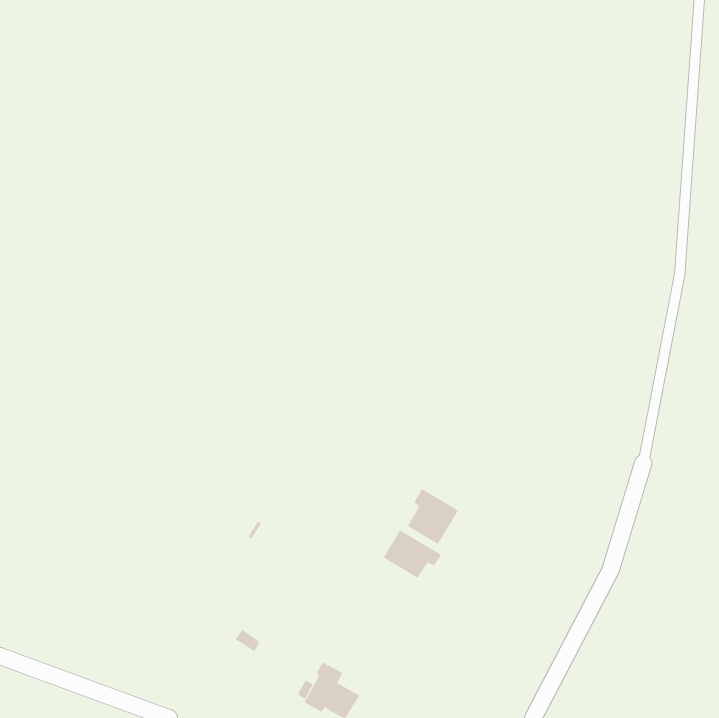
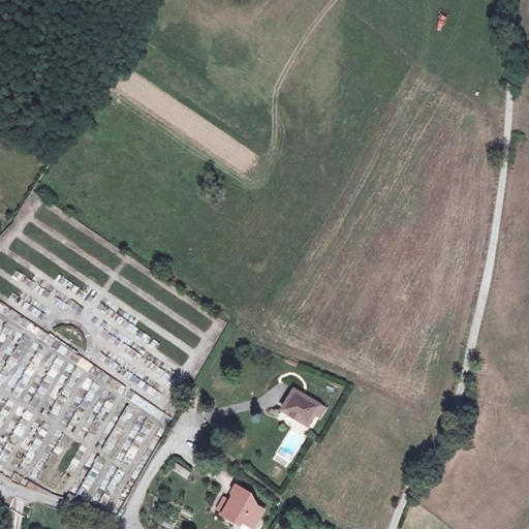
building: [407,488,459,545] -> none

